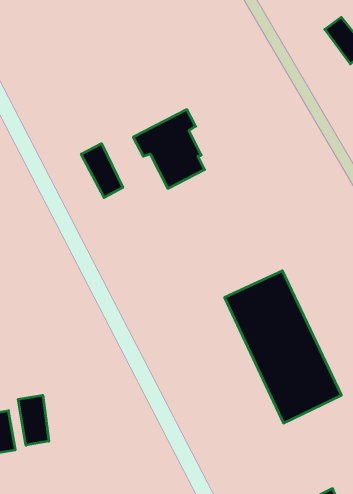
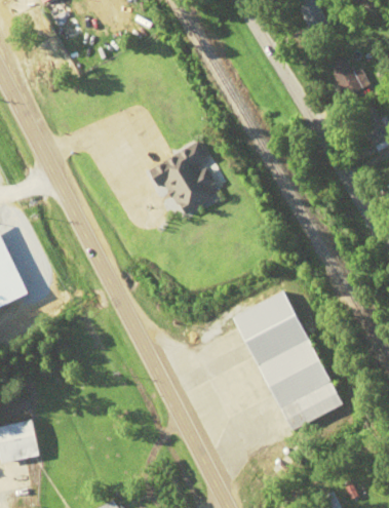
building: [81,144,123,198] -> none
building: [18,395,49,445] -> none

